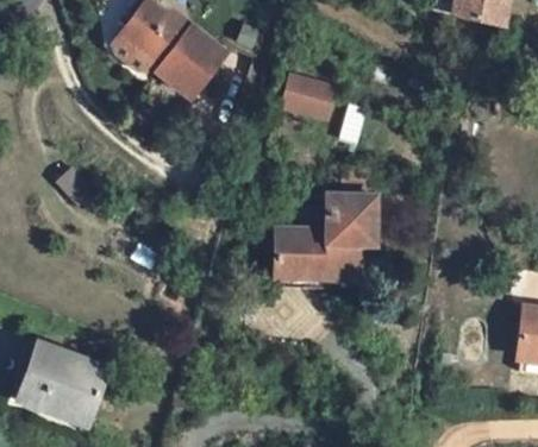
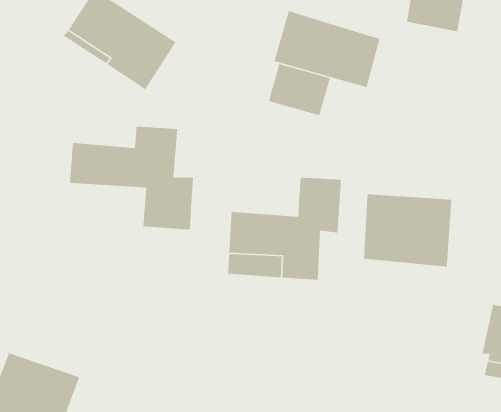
building: none -> [273,10,380,88]
building: none -> [69,126,194,230]
building: none -> [363,194,452,267]

